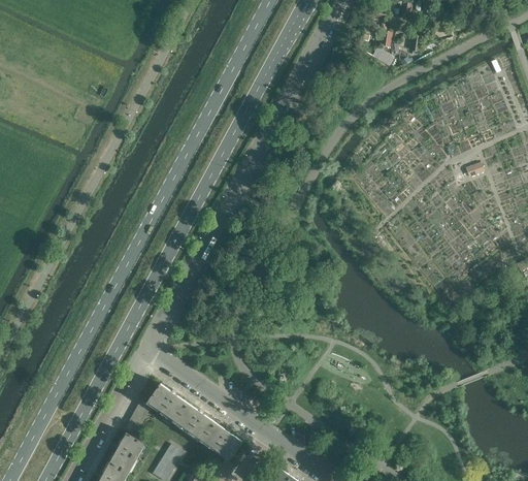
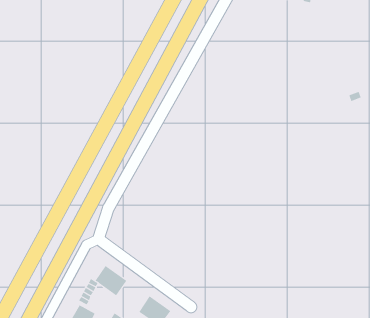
building: [173,403,214,442] -> none

